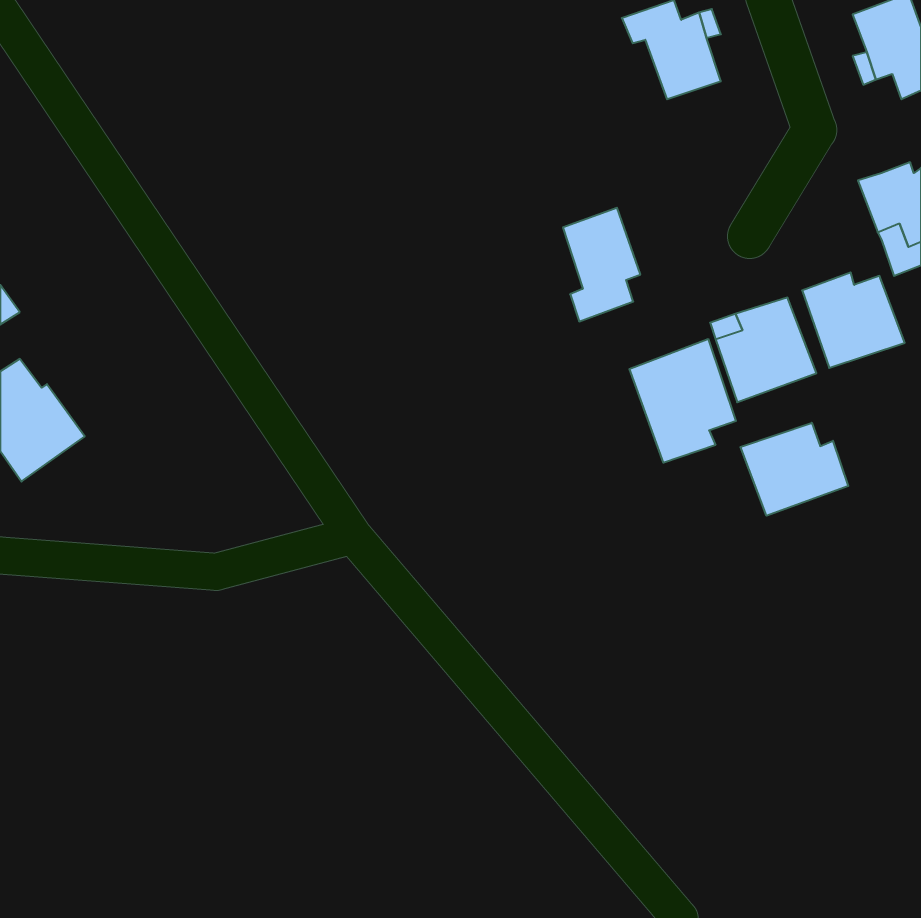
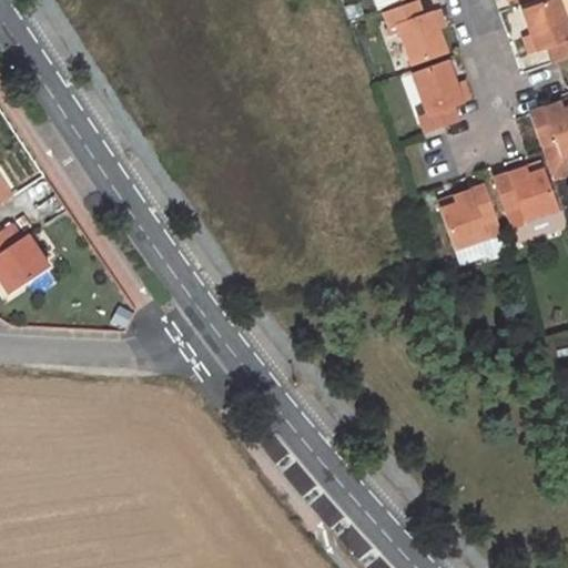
building: [563,208,640,321] -> [413,60,460,130]
building: [629,339,736,463] -> none
building: [740,423,848,516] -> none

